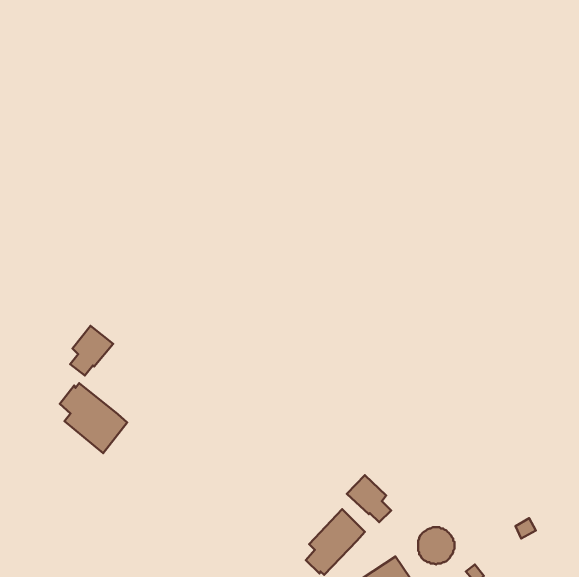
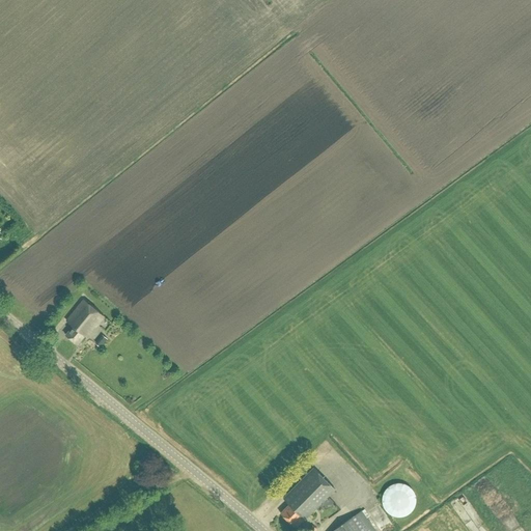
building: [60,383,127,453] -> none
building: [347,475,391,522] -> none

